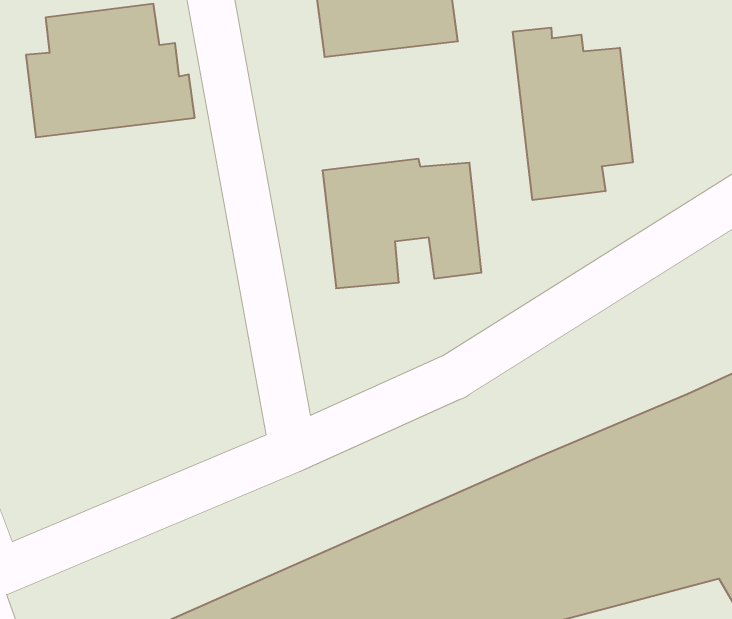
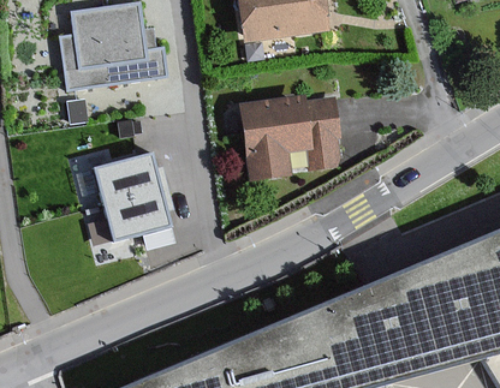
building: [513,28,633,200] -> none
building: none -> [77,153,168,240]

